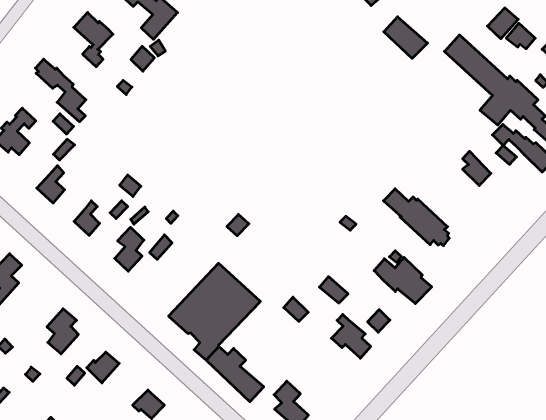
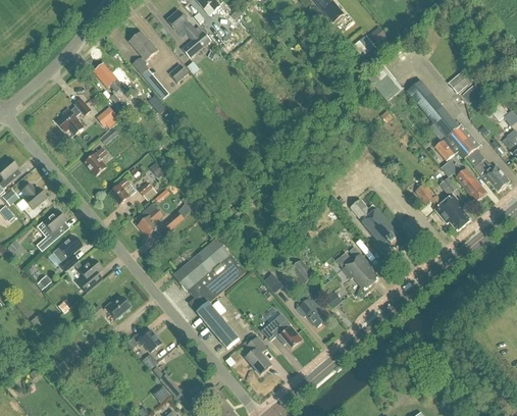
building: none -> [434,194,470,230]
building: none -> [51,236,81,271]
building: none -> [261,314,300,348]

